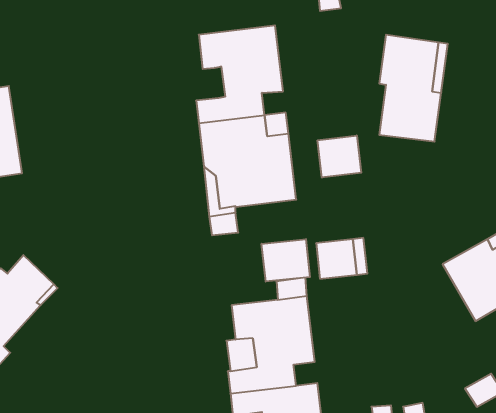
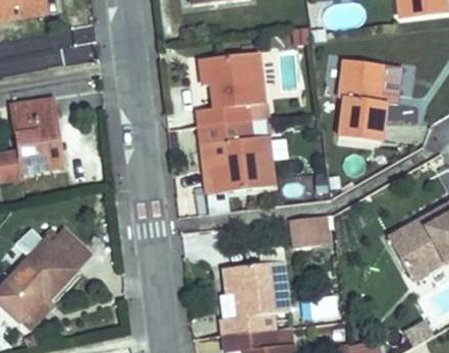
building: [318,135,361,178] -> none
building: [262,239,310,282] -> none

